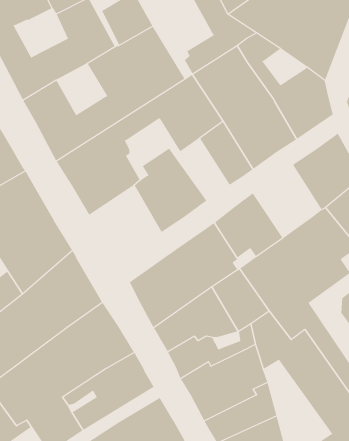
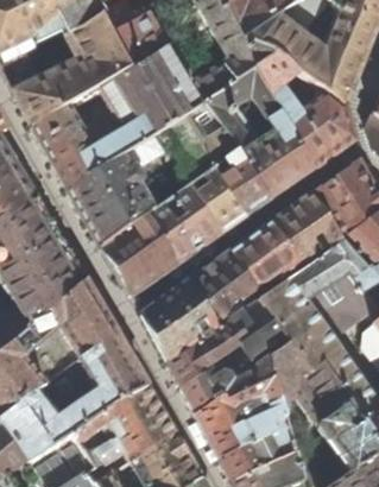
building: none -> [190,165,246,229]
building: none -> [271,192,341,267]
building: none -> [101,214,176,295]

